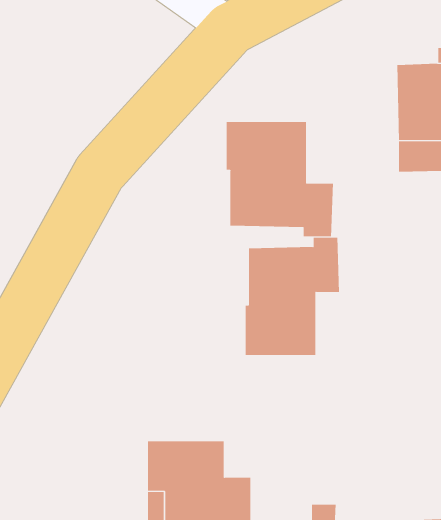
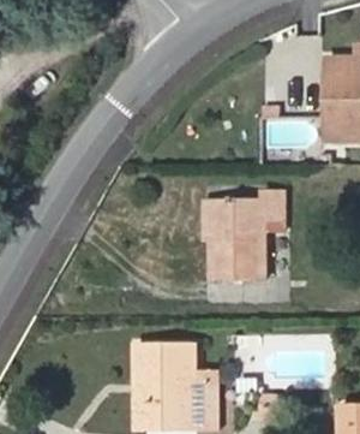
building: [226,121,333,237] -> none

